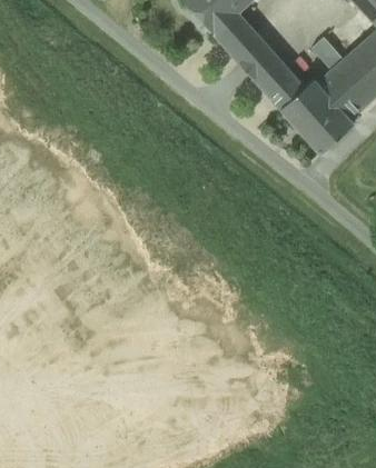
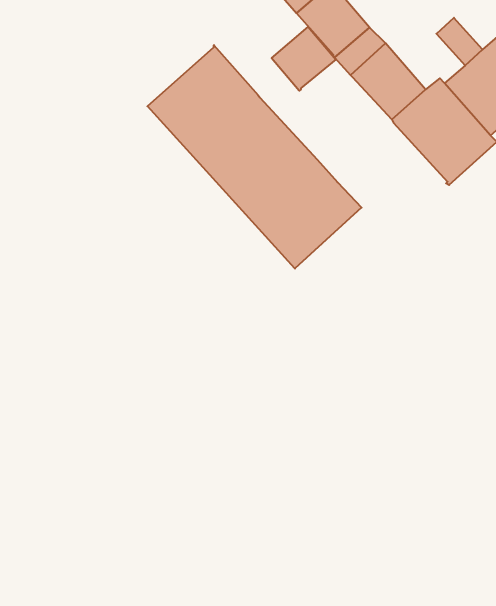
building: none -> [272,27,336,91]
building: none -> [147,45,362,269]

